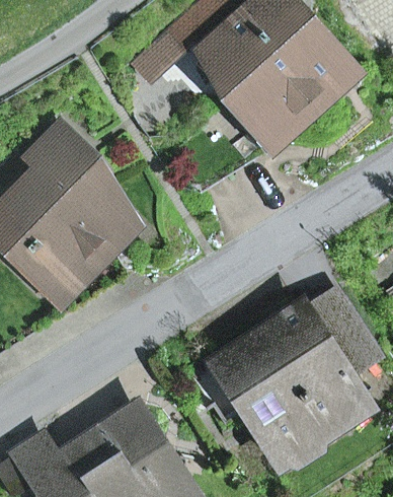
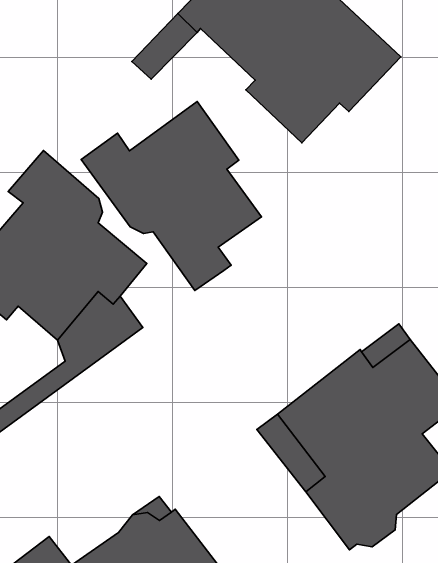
building: none -> [81,102,262,290]

